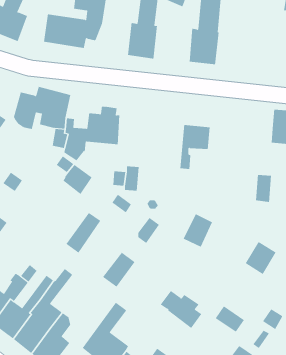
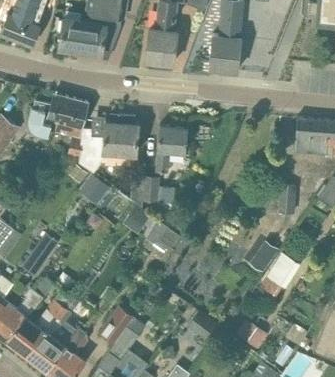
building: [180,124,211,170] -> [155,126,187,173]
building: [65,212,101,254] -> [21,234,58,277]
building: [183,214,213,247] -> [247,238,278,273]
building: [102,252,136,287] -> [99,307,134,344]

